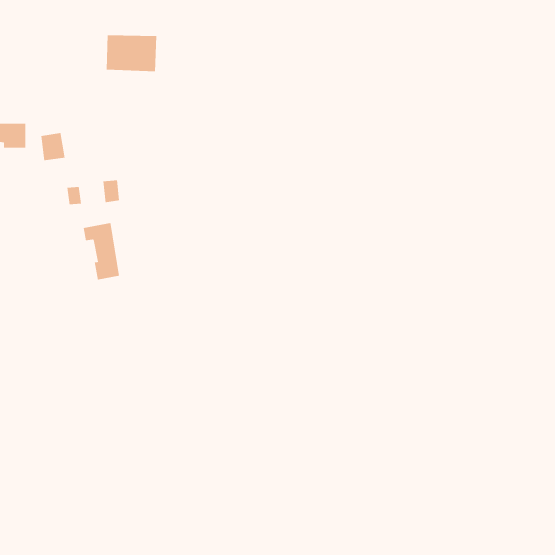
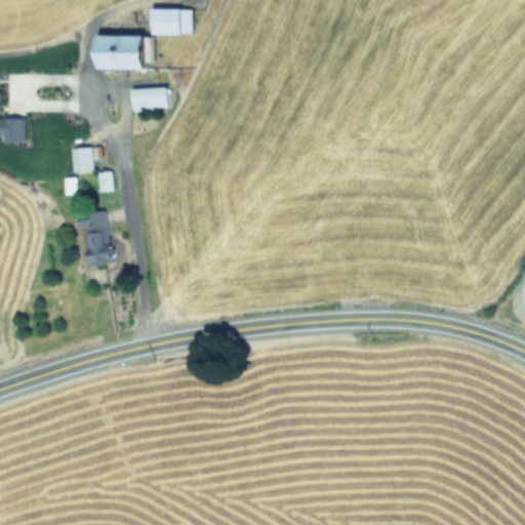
building: none -> [154,8,192,35]
building: none -> [130,87,168,110]
building: [40,133,65,161] -> [70,147,93,173]

